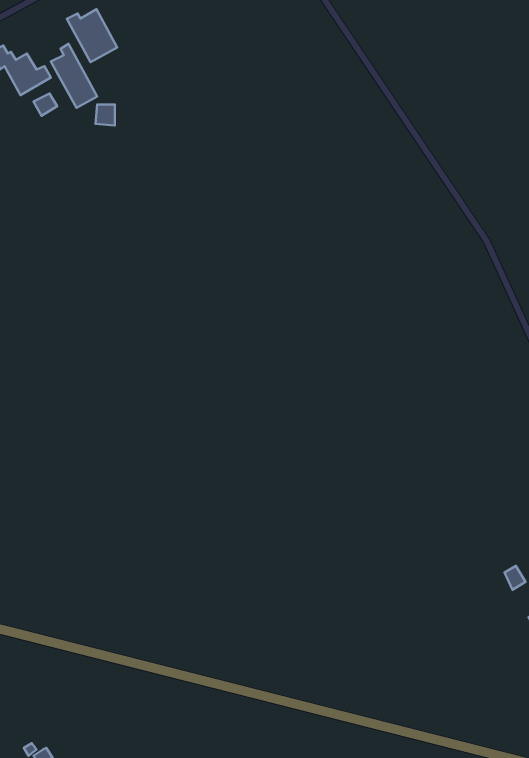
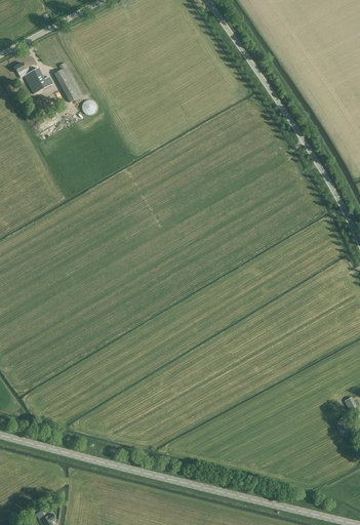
building: [67,9,117,62] -> none

